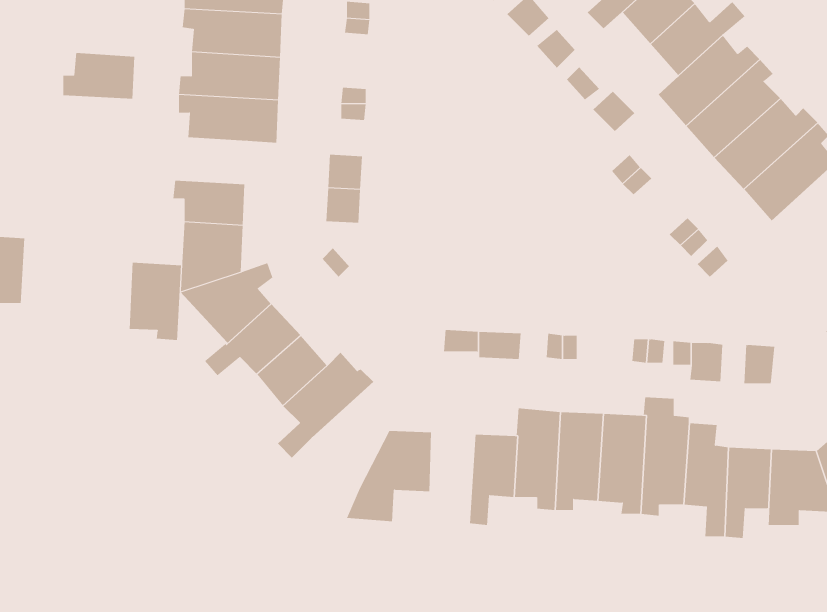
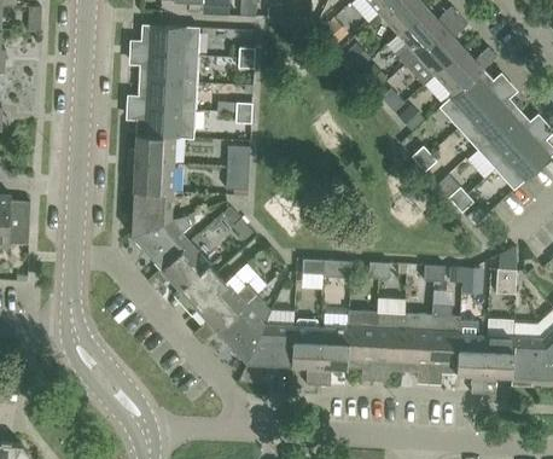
building: [62,53,135,99] -> [128,135,175,165]
building: [129,262,181,341] -> none
building: none -> [217,294,272,362]
building: none -> [293,319,322,385]

